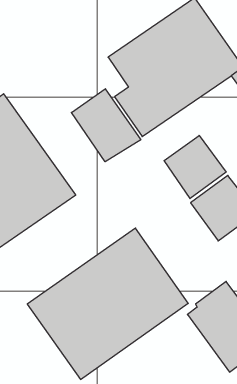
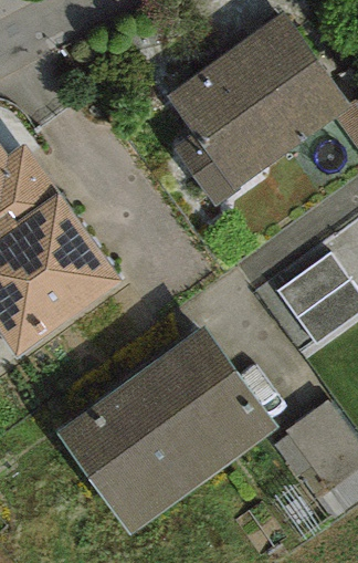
building: [71,89,141,162] -> none
building: [164,135,226,199] -> none

